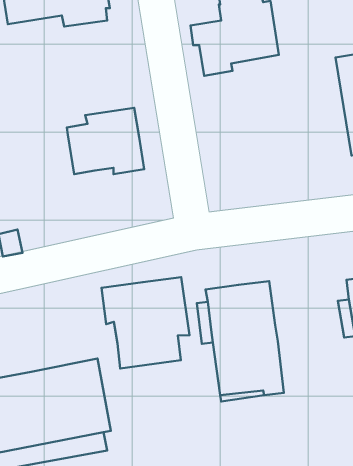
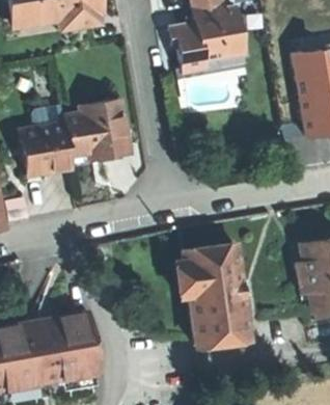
building: none -> [20,120,72,173]
building: [102,277,189,368] -> none

